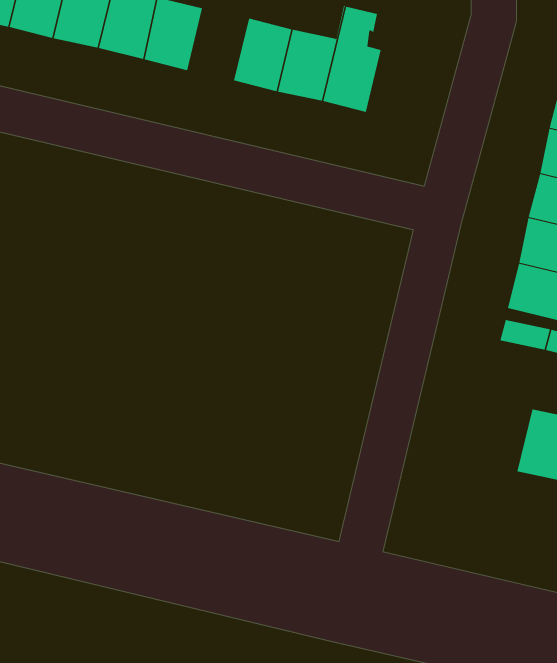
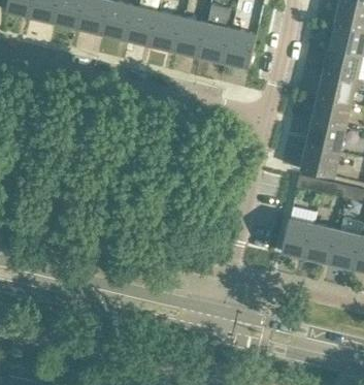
building: none -> [127,7,160,46]
building: none -> [224,30,257,69]
building: none -> [282,219,313,259]

